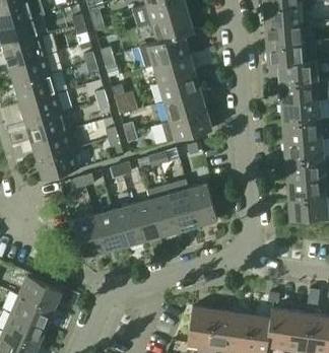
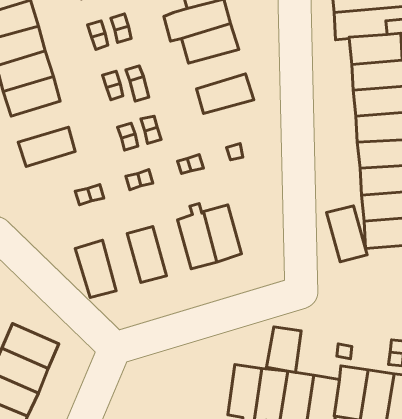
building: [157,72,200,101] -> none
building: [161,110,212,142] -> none
building: [25,111,68,141] -> none
building: [37,148,79,179] -> none
building: [187,183,217,224] -> [326,206,367,262]
building: [131,199,159,240] -> none
building: [93,209,122,252] -> none
building: none -> [267,327,301,372]

